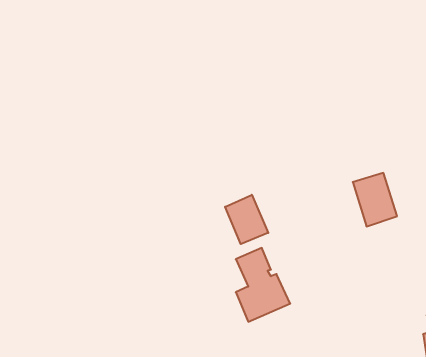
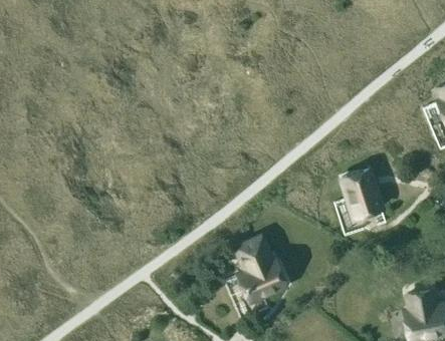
building: [225,195,268,244] -> none

